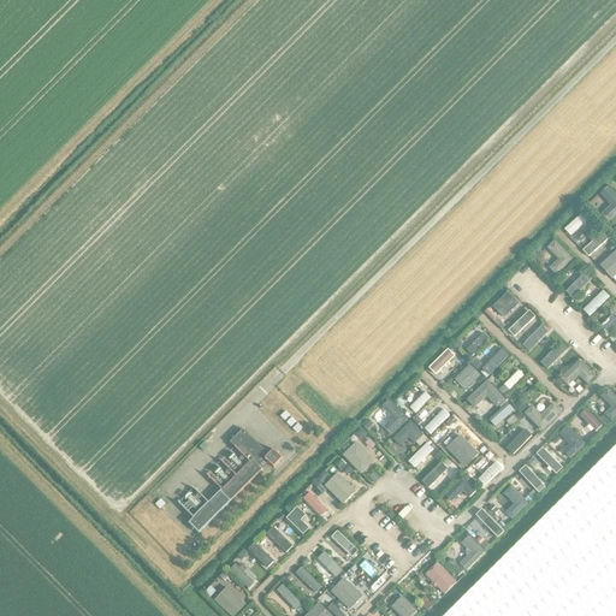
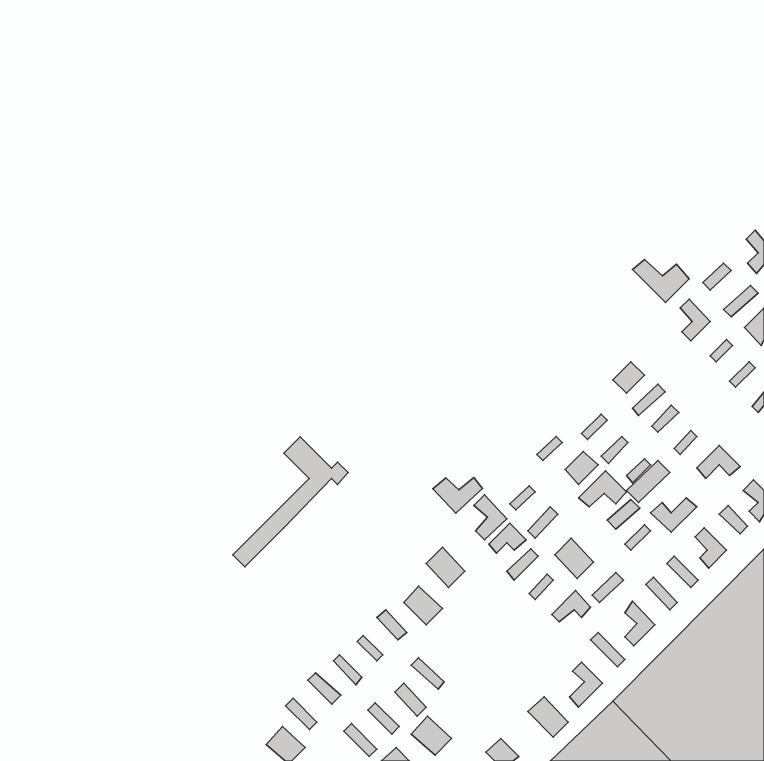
building: none -> [632,259,689,303]
building: none -> [433,477,482,513]
building: [189,427,282,532] -> [233,437,348,567]

